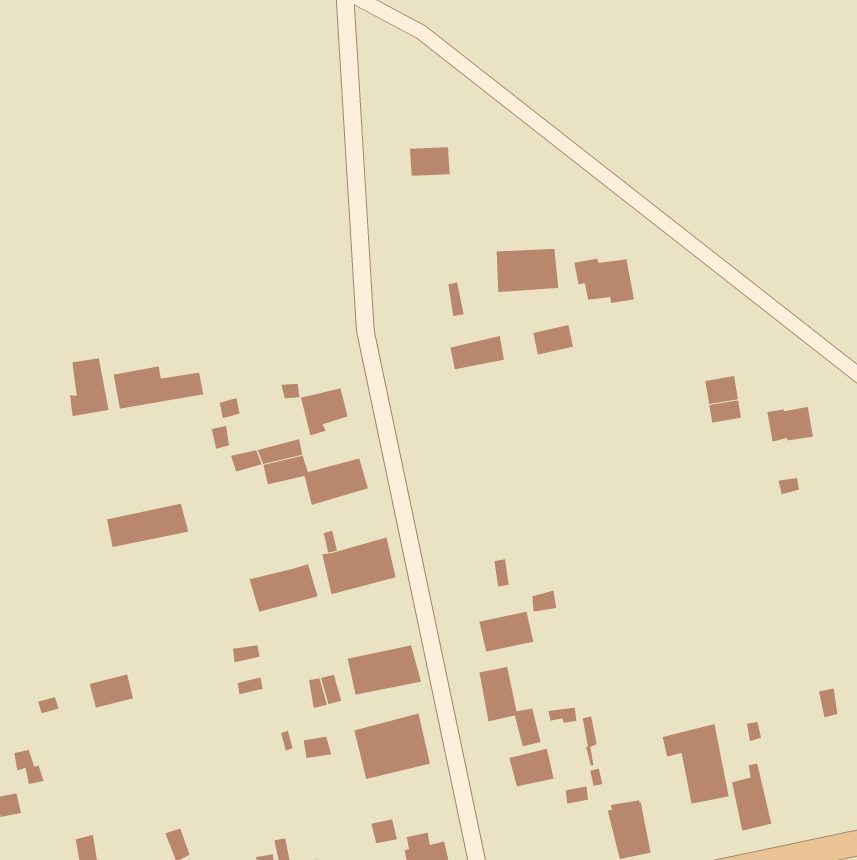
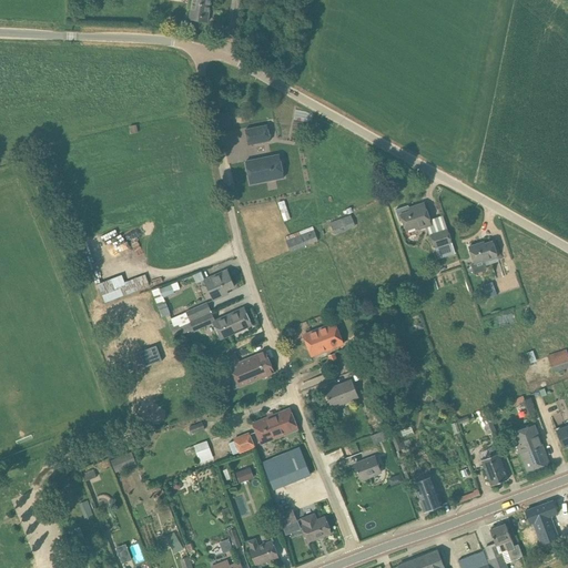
building: [496,248,559,293] -> [245,154,284,184]
building: [573,258,635,304] -> [394,202,432,229]
building: [69,357,109,417] -> none
building: none -> [303,322,343,355]
building: [249,563,318,613] -> none
building: [479,666,541,747] -> none
building: [662,723,730,804] -> [505,423,548,470]

